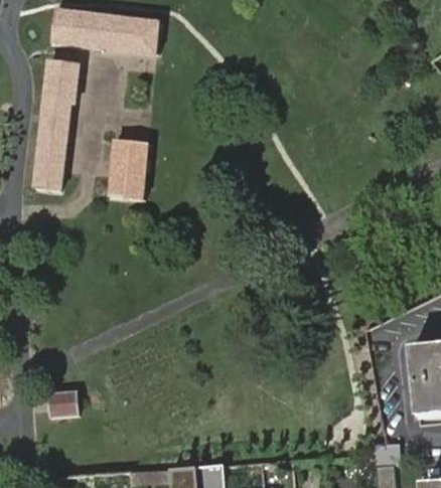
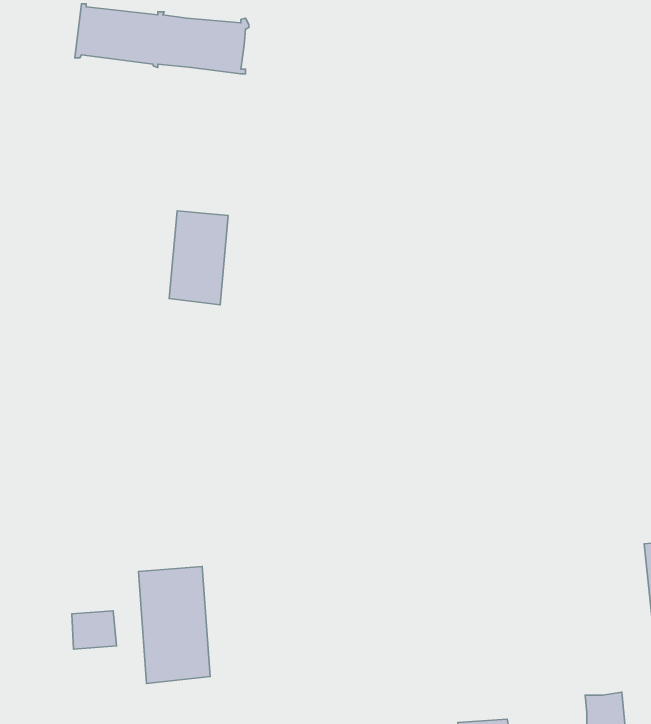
building: [34,60,79,189] -> none
building: none -> [138,567,210,683]

